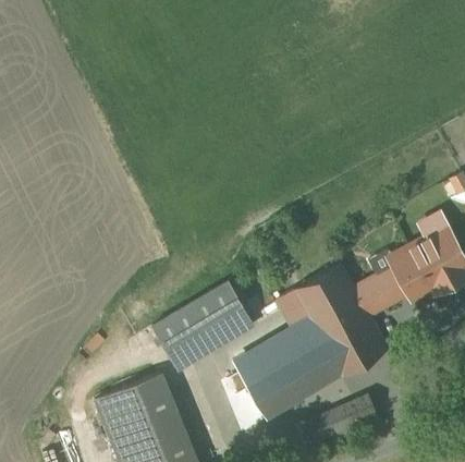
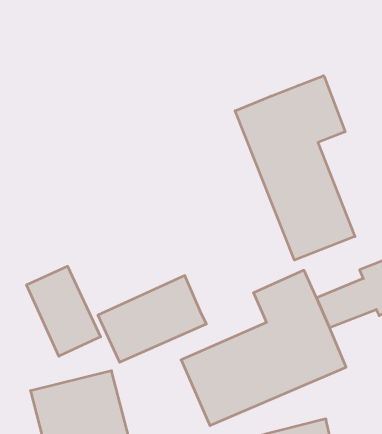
building: none -> [235,76,355,260]
building: none -> [27,266,101,356]

